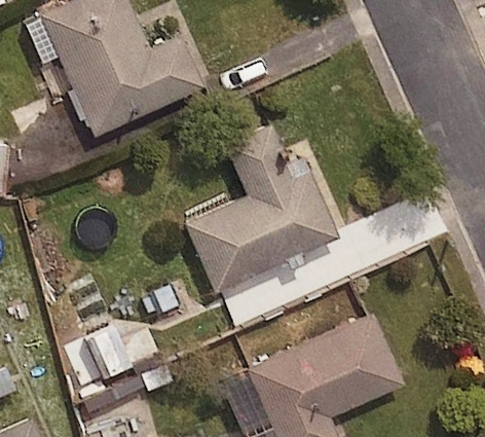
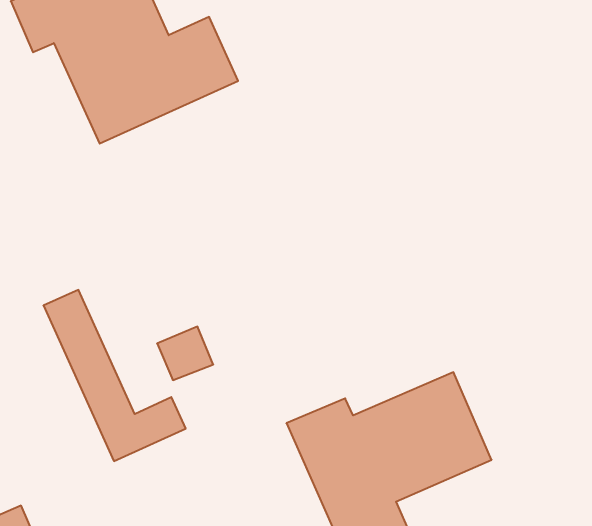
building: [185,132,340,323] -> none

